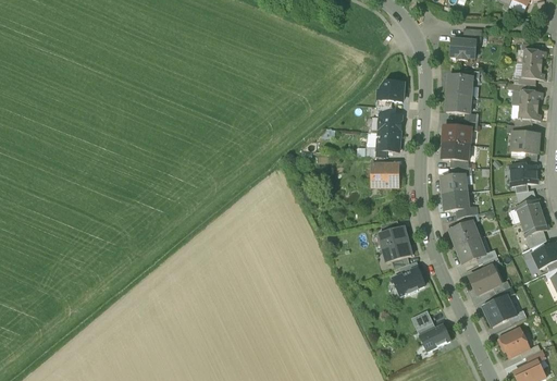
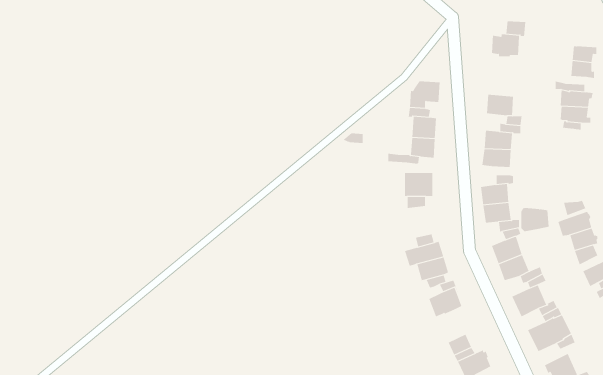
building: [446,69,479,95] -> none
building: [510,131,539,152] -> none
building: [510,163,536,185] -> [521,208,549,232]

